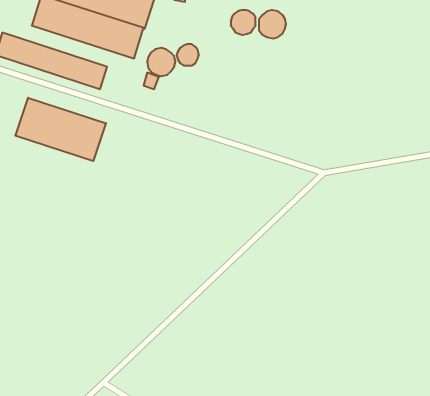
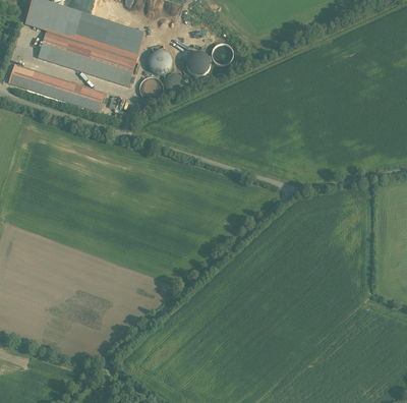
building: [259,10,286,38] -> [186,51,210,75]
building: none -> [148,49,171,73]
building: [15,98,106,161] -> none

